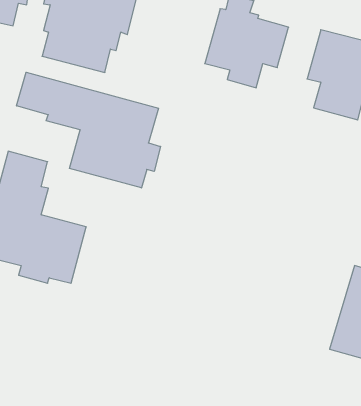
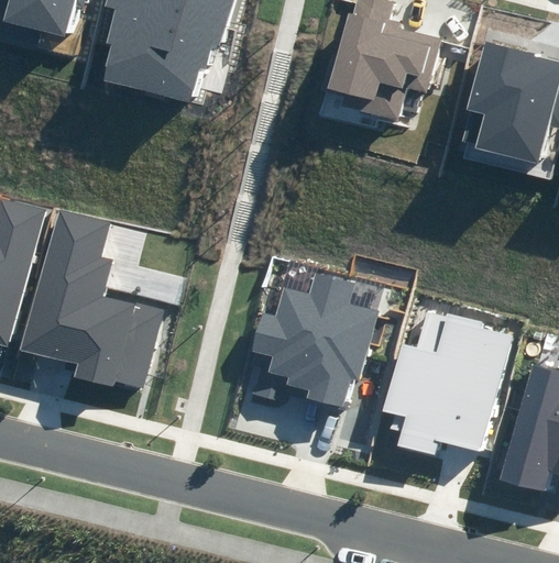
building: [17,72,161,188] -> none
building: none -> [252,274,380,408]
building: none -> [382,309,512,455]

